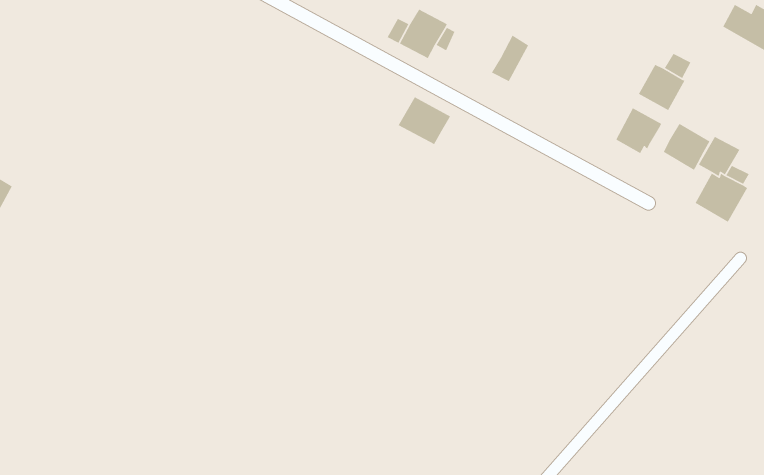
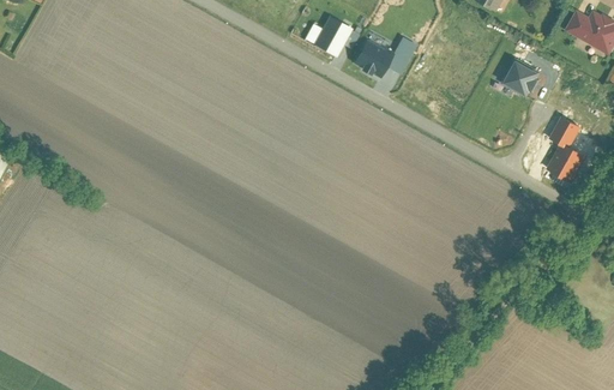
building: [398,96,451,145] -> [350,37,392,76]
building: [615,107,662,154] -> none
building: [663,123,710,171] -> none

